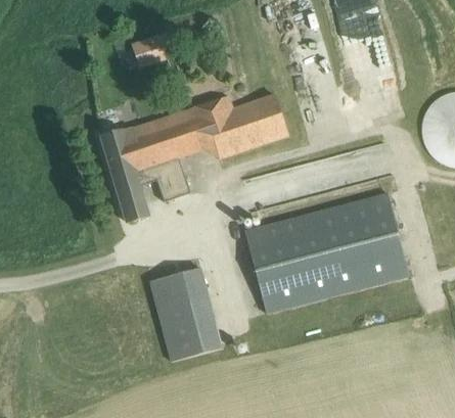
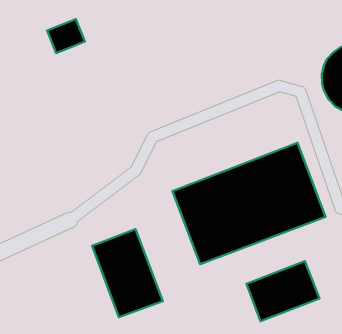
building: [101,94,287,222] -> none
building: none -> [247,261,320,321]

